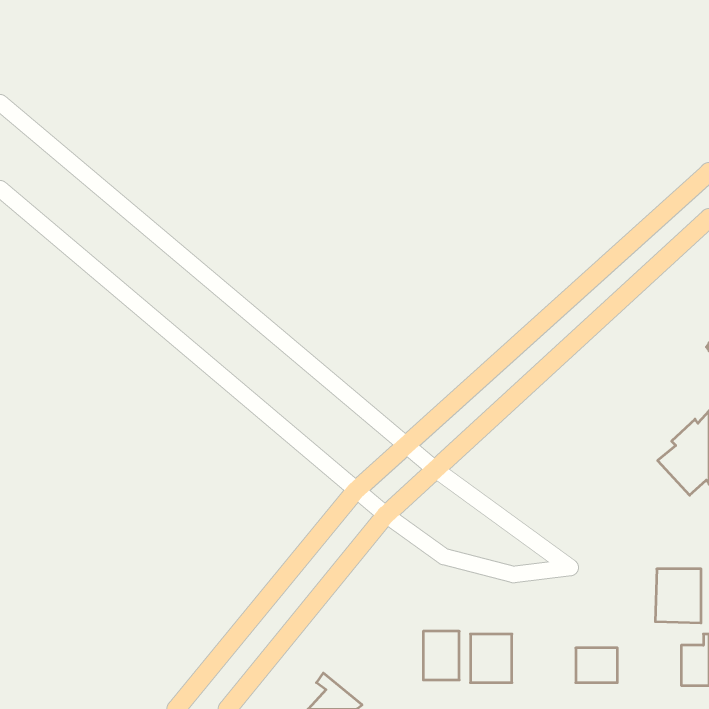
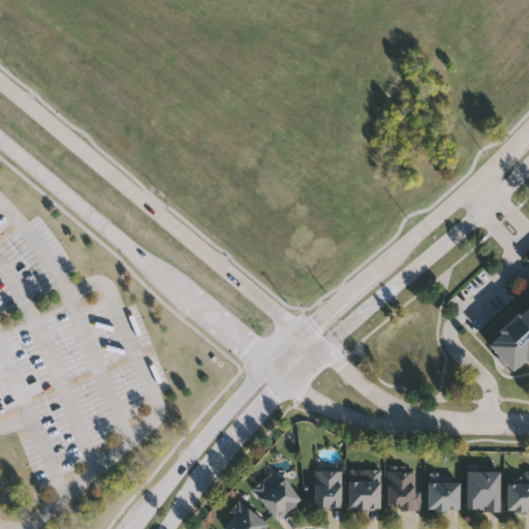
building: [655,569,701,623] -> [467,470,501,510]
building: none -> [388,470,418,508]
building: none -> [253,477,302,520]

